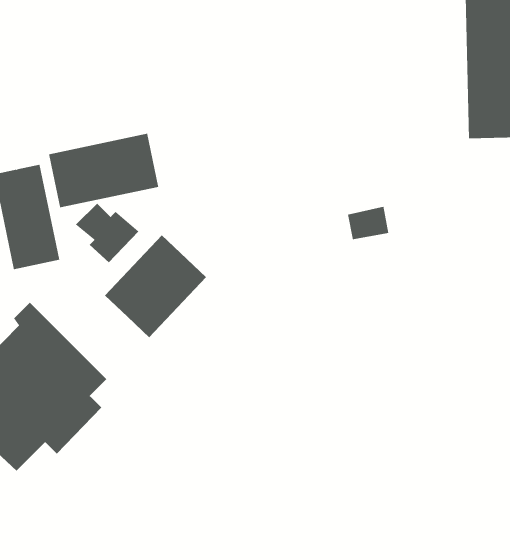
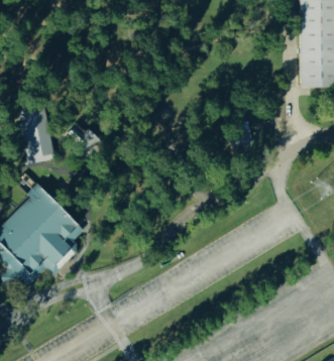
building: [48,133,159,208] -> none
building: [104,235,207,338] -> none

